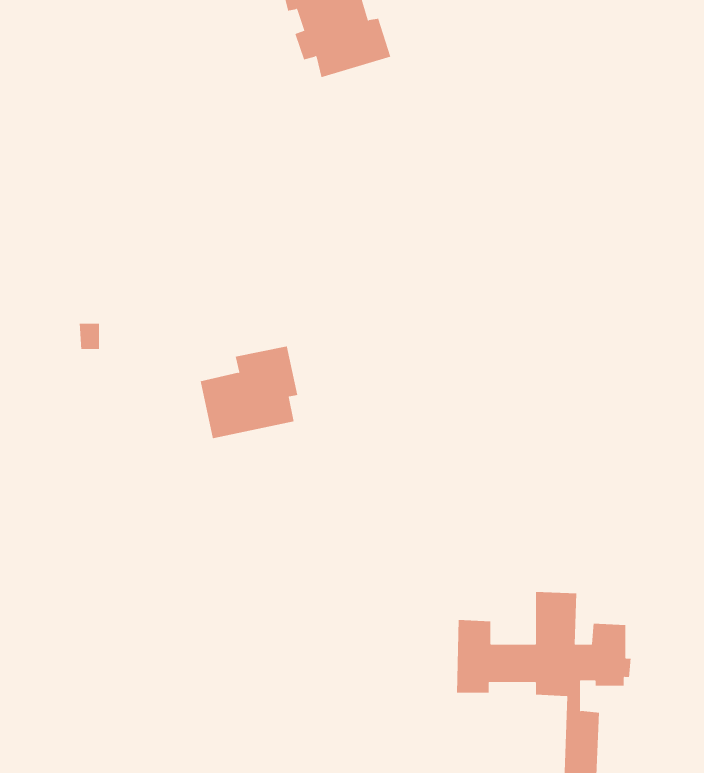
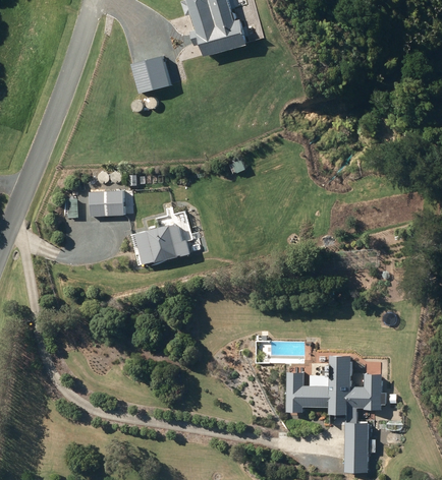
building: none -> [130,57,169,89]
building: none -> [90,190,125,217]

